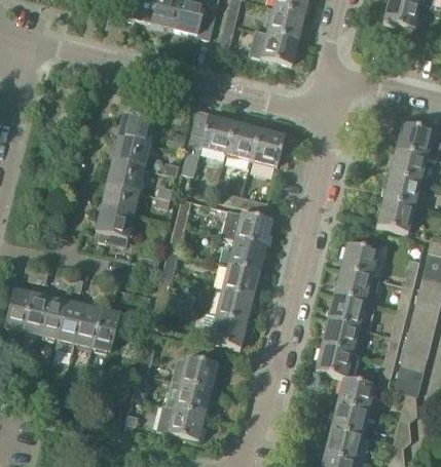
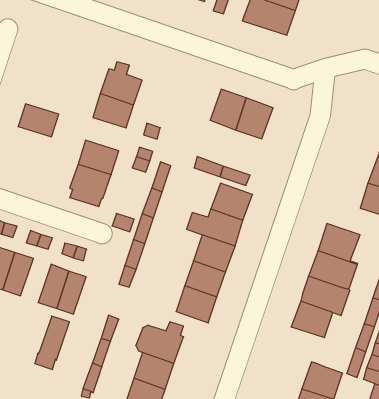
building: [179,115,233,179] -> none
building: [107,159,145,189] -> [18,104,59,137]
building: [54,300,84,351] -> [35,316,69,369]
building: [315,344,361,379] -> none

